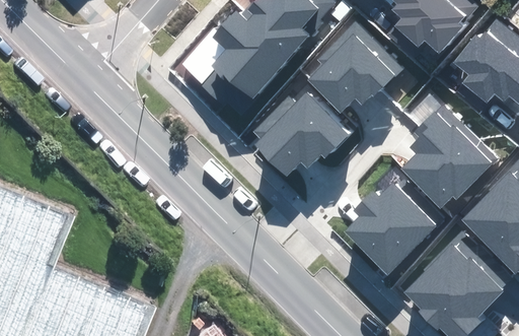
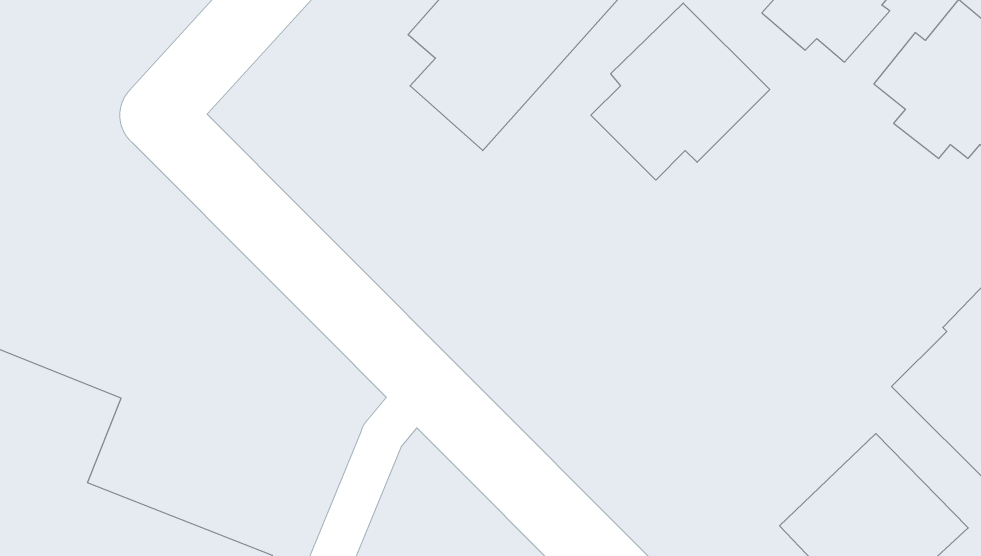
building: [255,94,348,174] -> none
building: [401,106,496,208] -> none
building: [345,184,436,274] -> none

